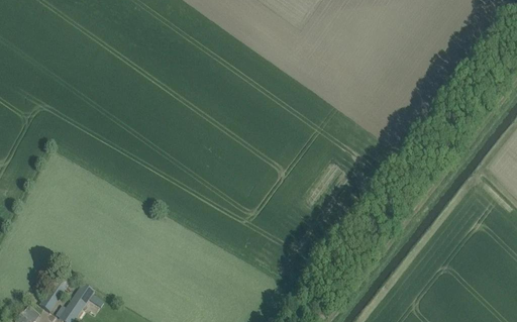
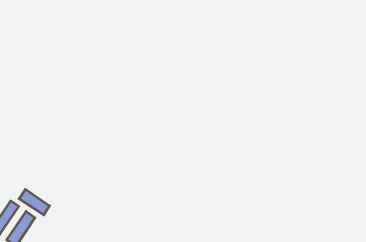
building: none -> [19,189,50,215]

